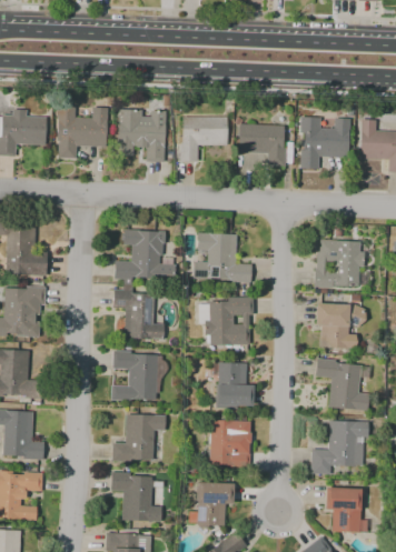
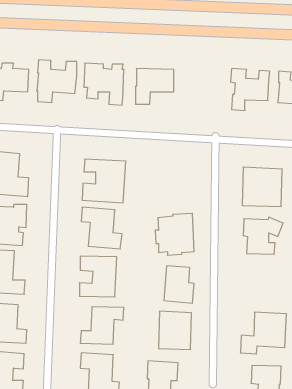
building: [239,122,285,165] -> none
building: [197,233,251,285] -> none
building: [316,358,369,408] -> none

